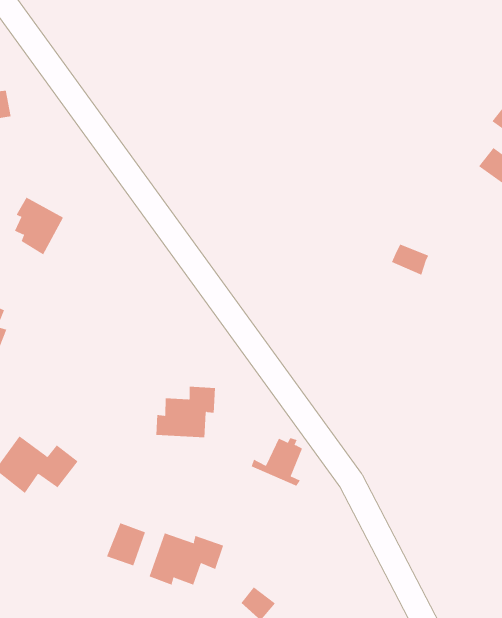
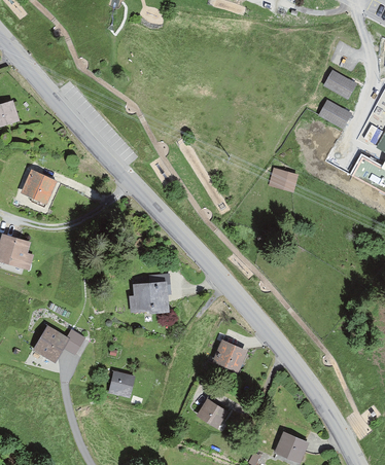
building: [251,437,303,486] -> [210,338,243,369]
building: [149,532,224,585] -> none

